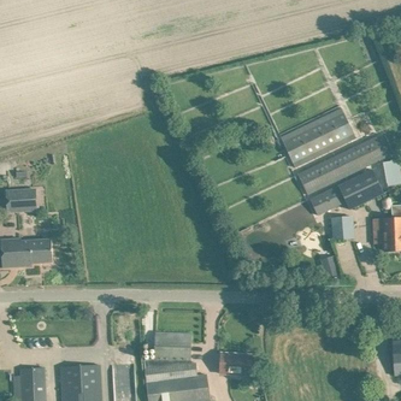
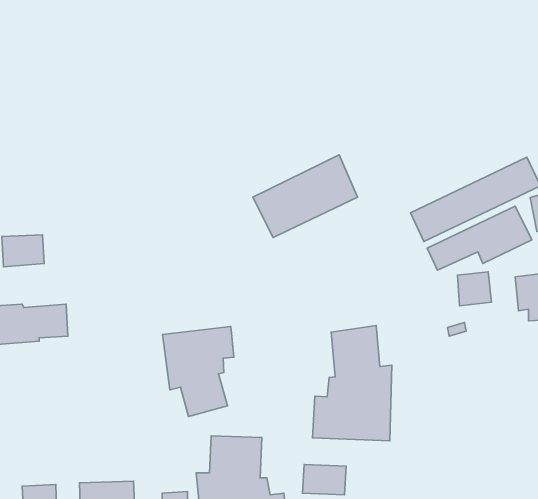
building: [279,107,354,166] -> [253,155,358,238]
building: none -> [313,325,392,441]
building: none -> [163,327,234,417]

